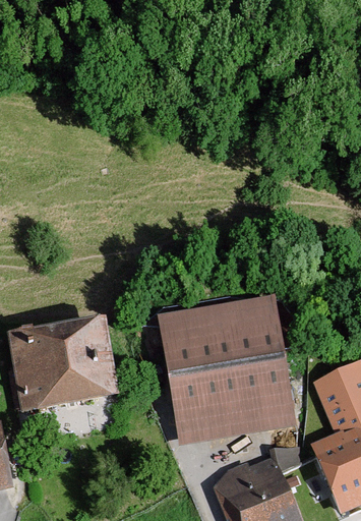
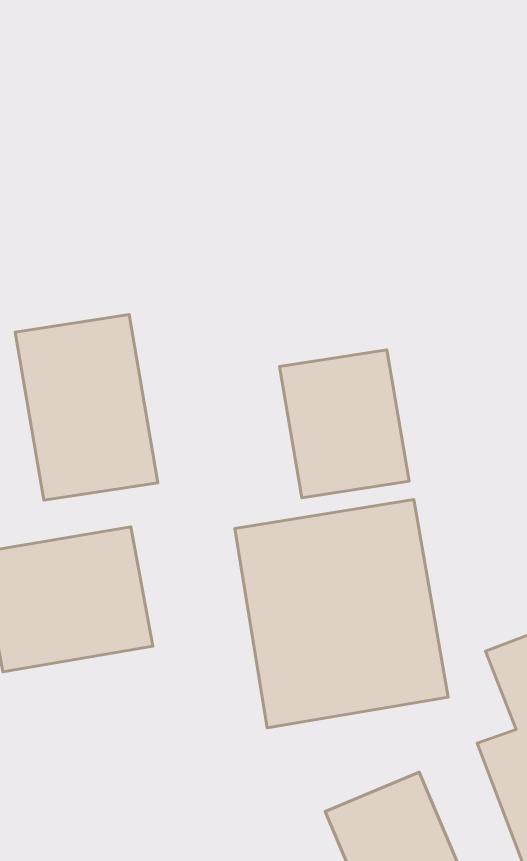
building: none -> [15,315,158,500]
building: none -> [280,350,409,498]

